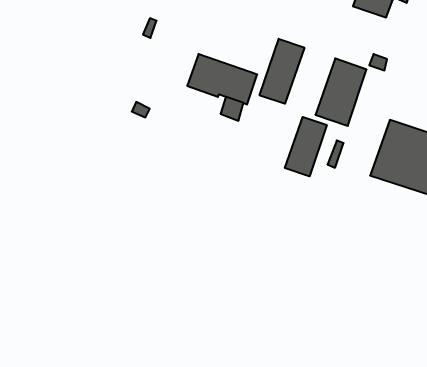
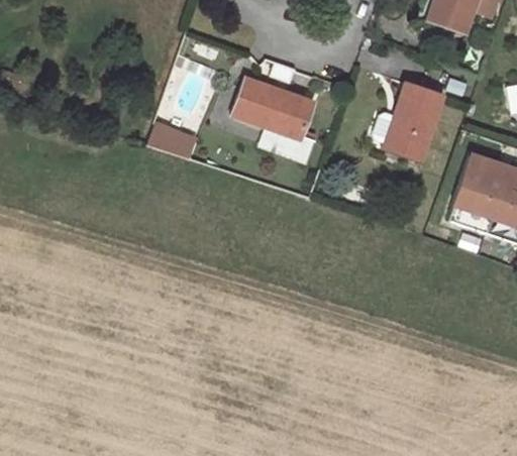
building: [260,39,304,104] -> none
building: [285,117,327,176] -> none

